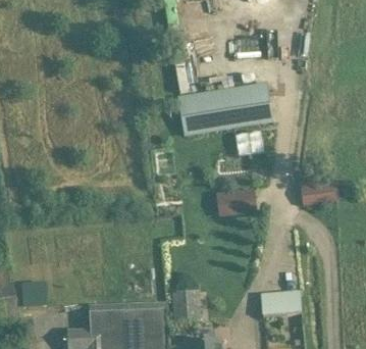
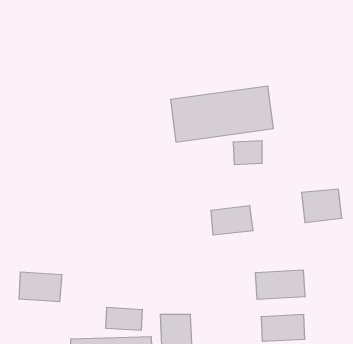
building: none -> [256,270,305,299]
building: none -> [19,272,62,302]
building: none -> [106,307,142,330]

